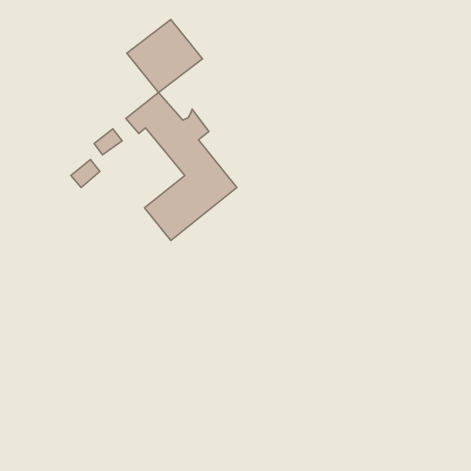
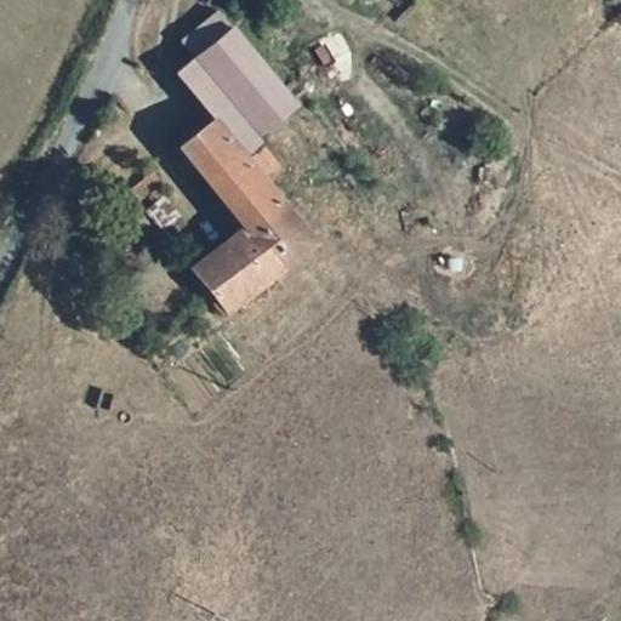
building: none -> [213,76,290,156]

